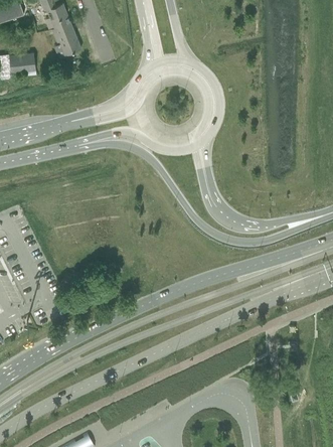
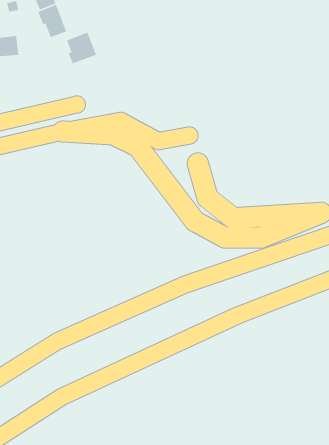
building: none -> [66,32,97,65]

